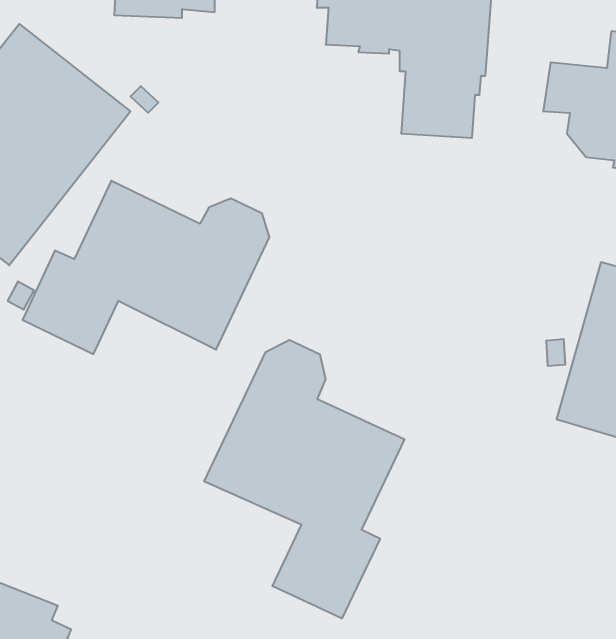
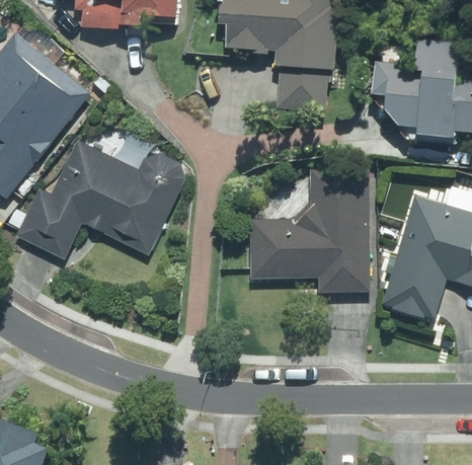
building: none -> [247,168,369,292]
building: [204,340,404,619] -> none

